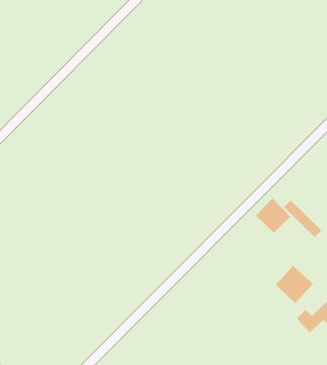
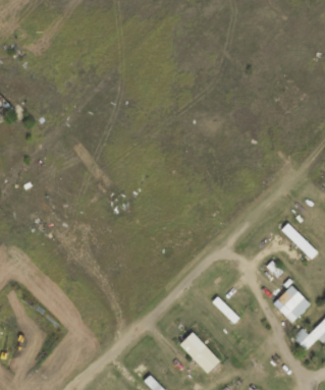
building: [255,198,291,233] -> none
building: none -> [178,332,220,374]

